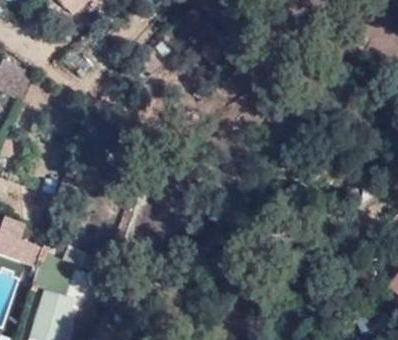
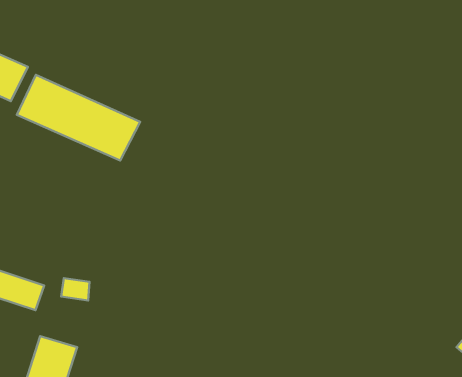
building: none -> [17,75,140,161]

